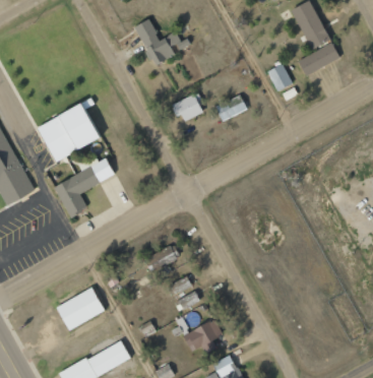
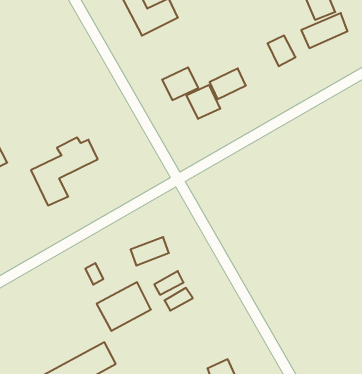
building: [36,99,99,163] -> none
building: none -> [187,85,220,119]
building: [55,288,104,331] -> [97,282,151,331]
building: [184,320,222,353] -> none

